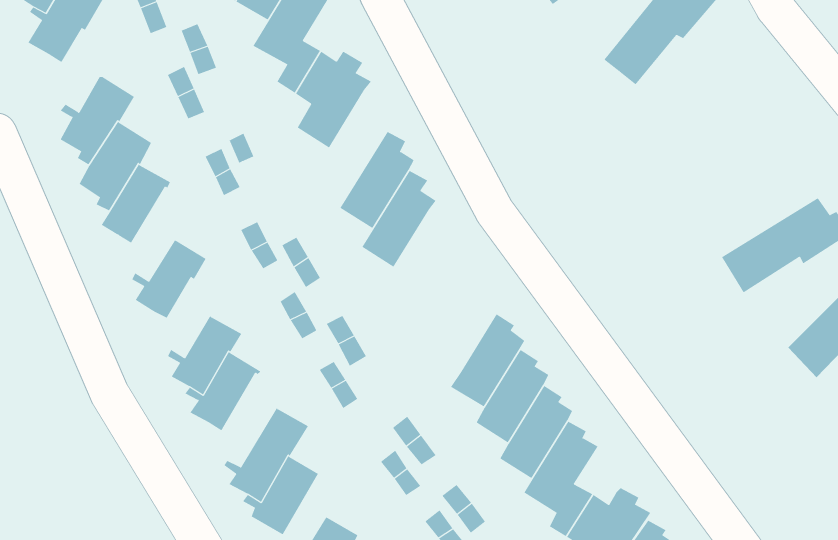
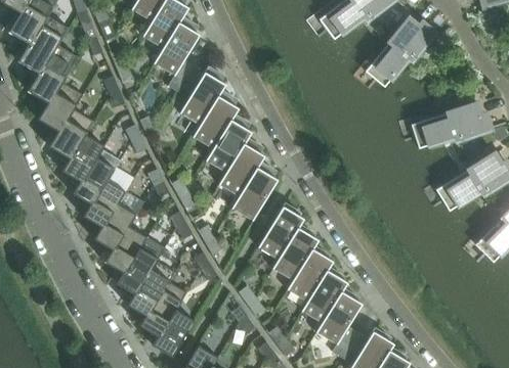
building: none -> [28,53,73,103]
building: none -> [193,90,239,160]
building: none -> [411,103,490,148]
building: none -> [71,148,120,204]
building: none -> [231,162,278,221]
building: none -> [91,202,136,250]
building: none -> [258,202,303,259]
building: none -> [124,260,175,316]

